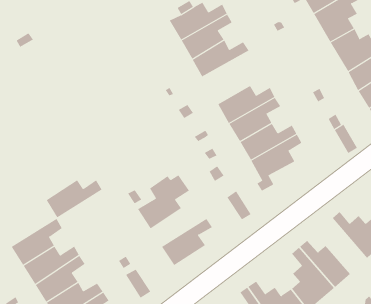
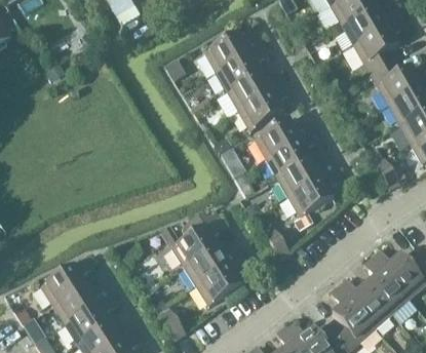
building: none -> [237,82,292,130]
building: [46,179,102,218] -> [184,245,242,285]
building: none -> [362,256,408,313]

